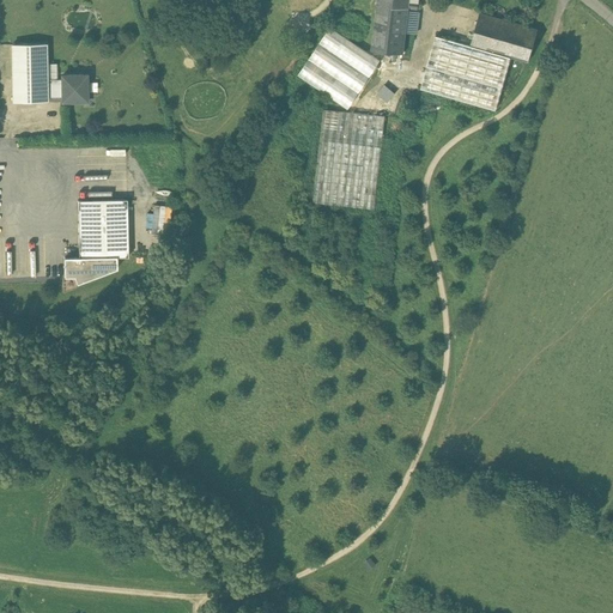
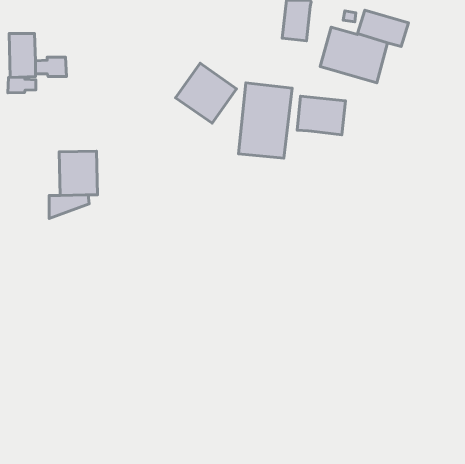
building: [298,28,378,107] -> [176,63,237,123]
building: none -> [8,77,36,93]
building: none -> [297,96,345,135]

